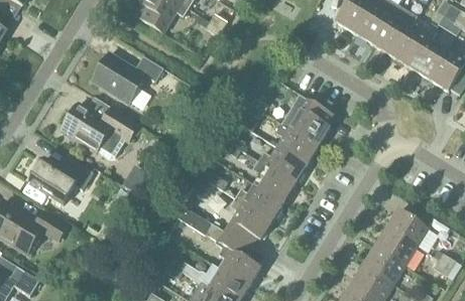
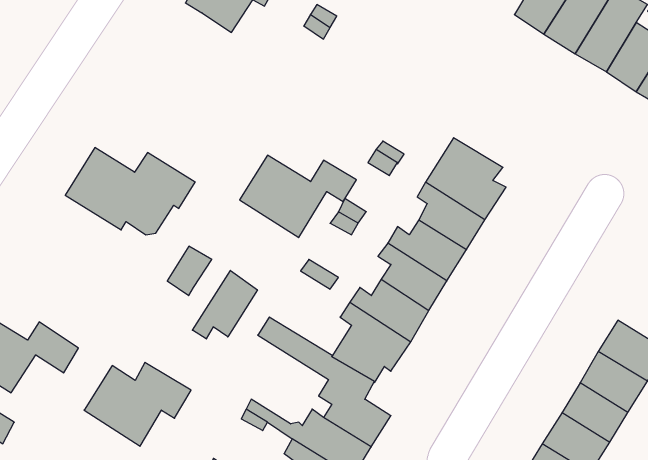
building: [93,52,164,103] -> [240,155,356,238]
building: [28,154,94,205] -> [84,362,191,446]
building: none -> [192,270,257,339]

